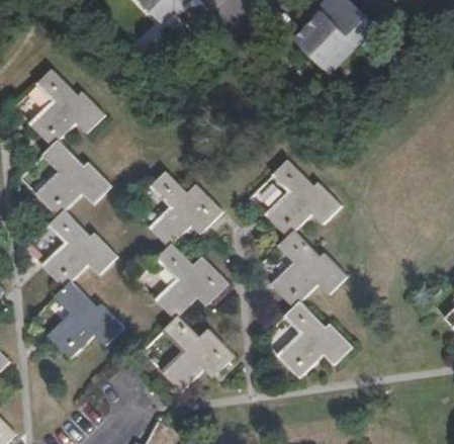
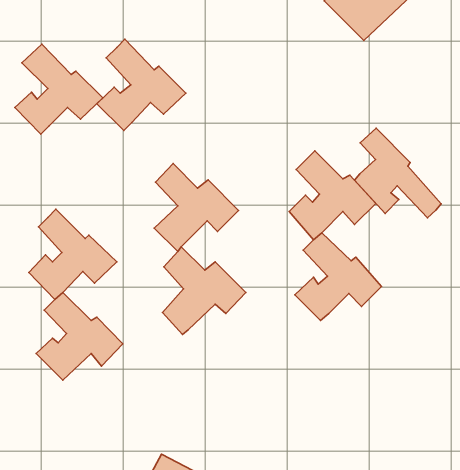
building: [33,140,110,218] -> [97,39,186,131]
building: none -> [354,128,441,218]
building: [276,301,351,378] -> none
building: [161,316,234,392] -> none

